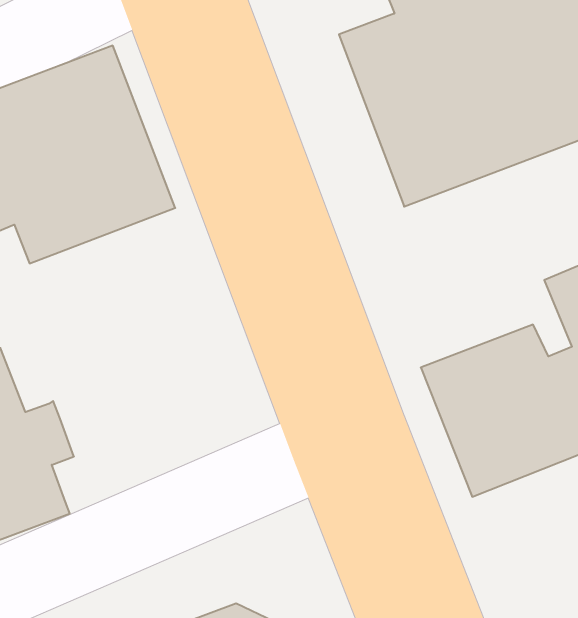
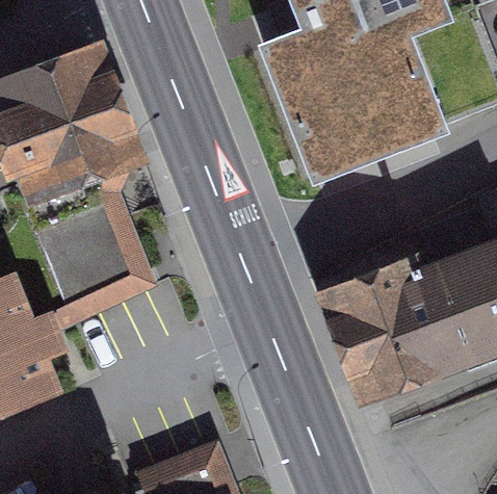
building: none -> [32,190,161,333]

